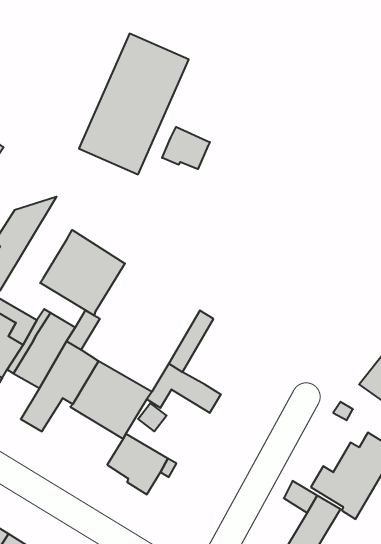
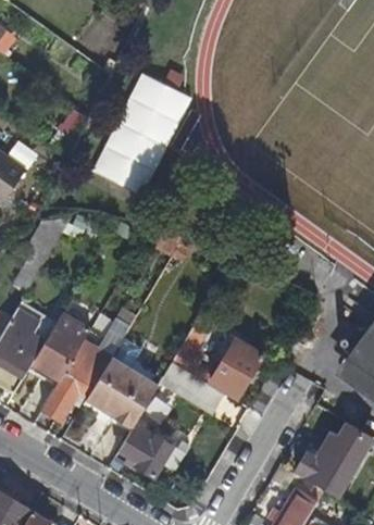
building: [162,127,210,169] -> none
building: [40,230,125,316] -> none
building: none -> [201,337,263,397]

